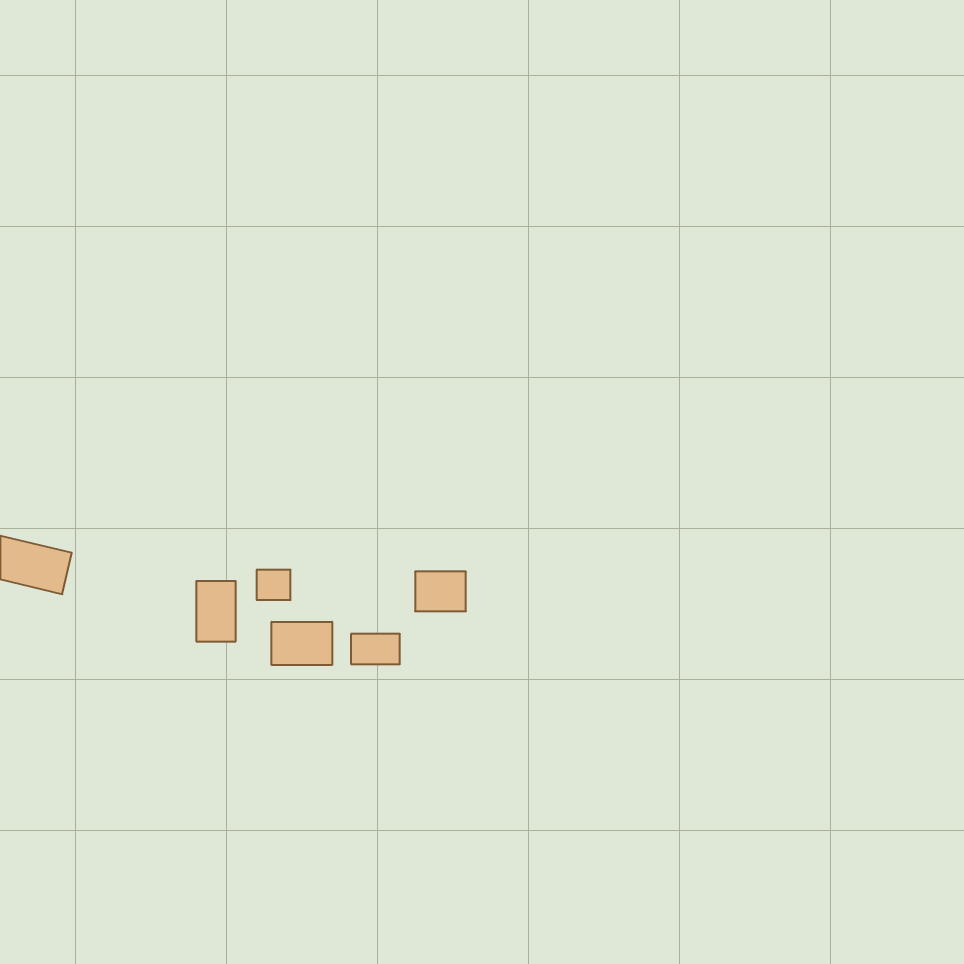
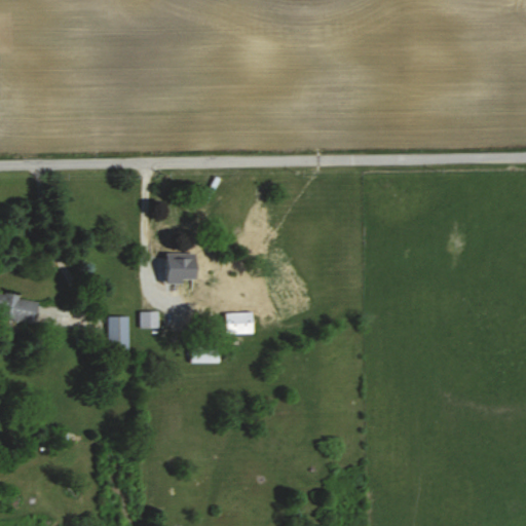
building: none -> [165,257,206,290]
building: [272,622,332,665] -> none

